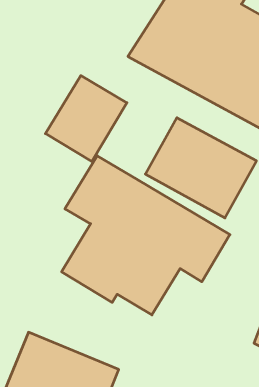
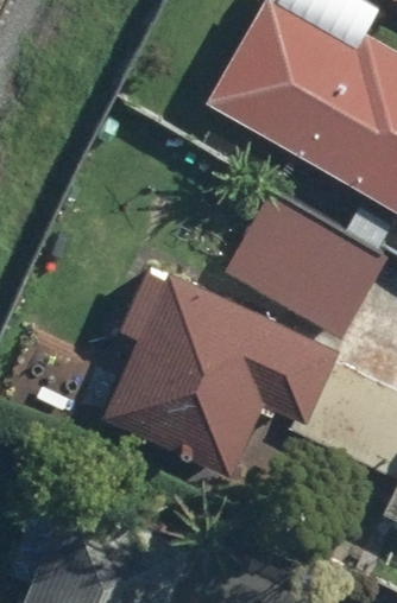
building: [45,76,127,161] -> none

